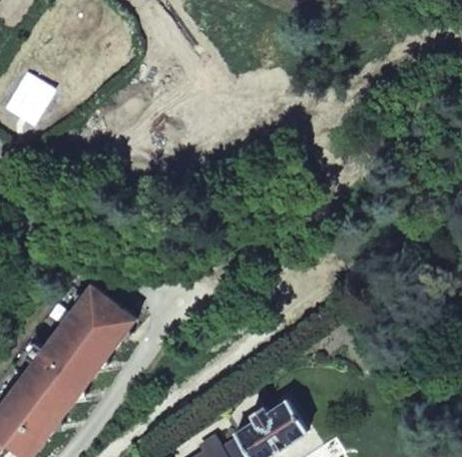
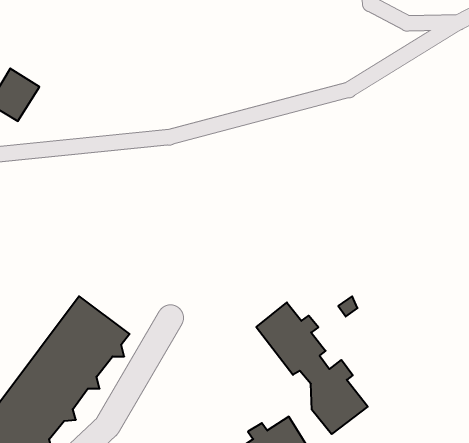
building: none -> [256,302,368,434]

